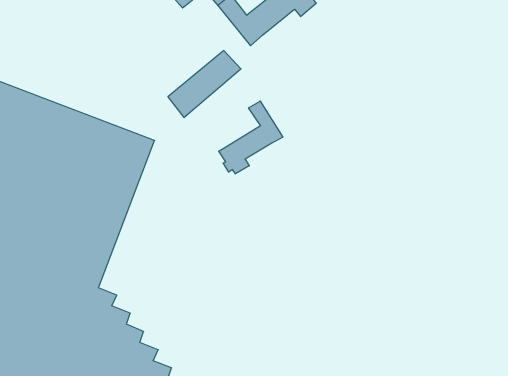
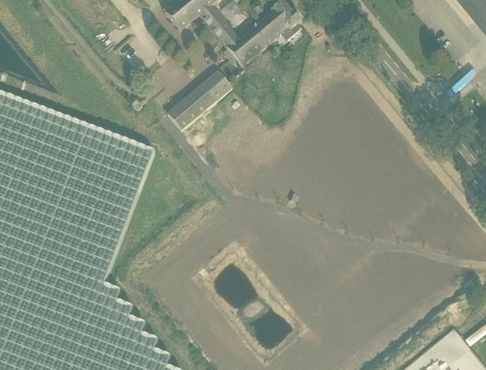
building: [219,101,283,174] -> none

